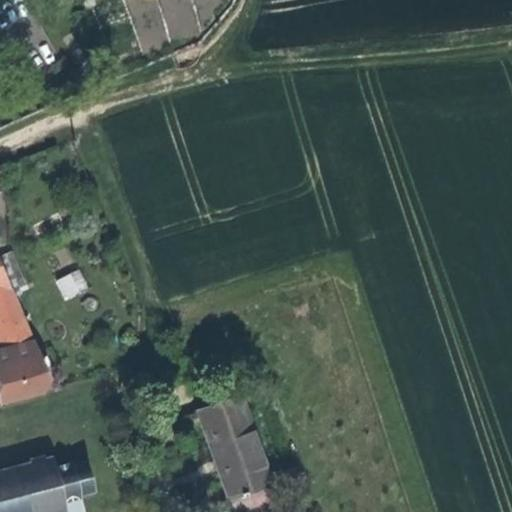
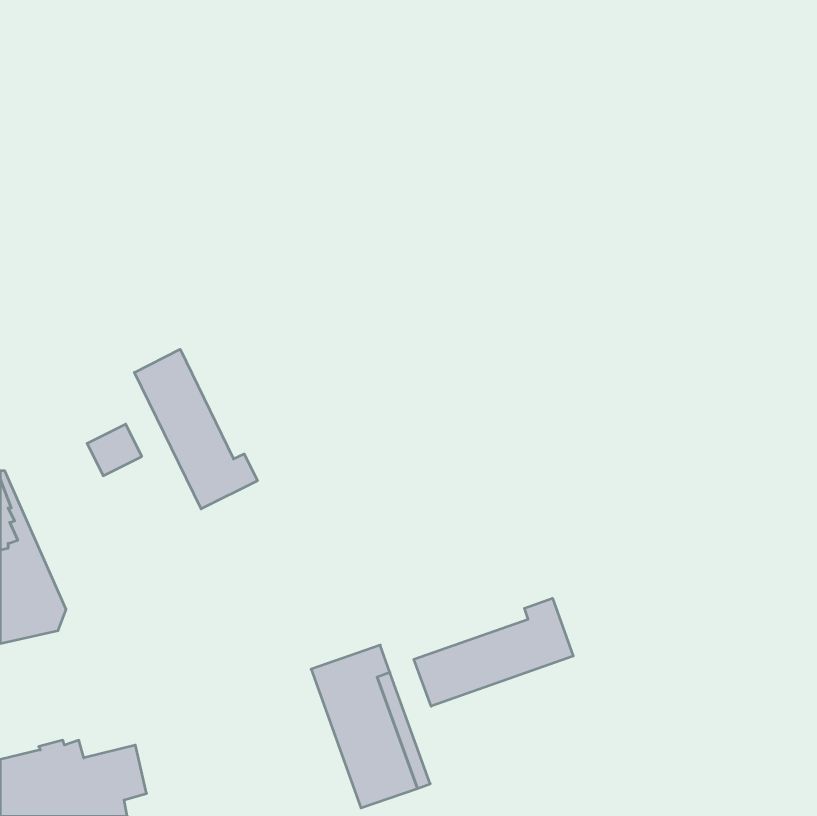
building: none -> [134,349,257,509]
building: none -> [414,598,573,706]

